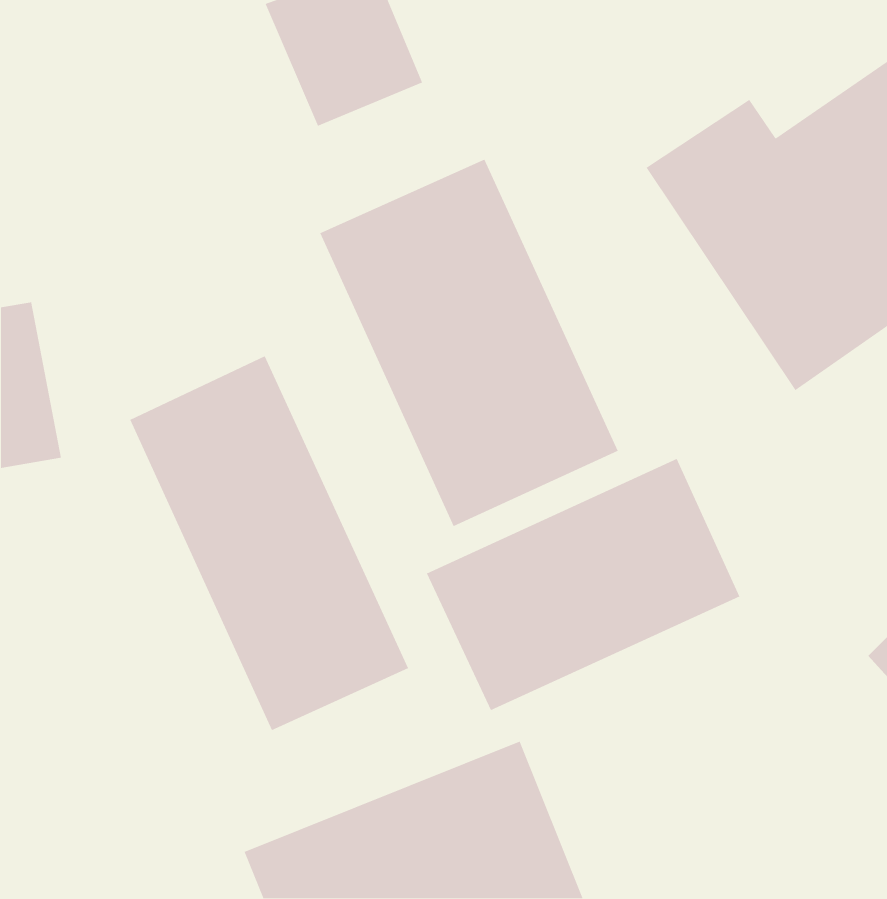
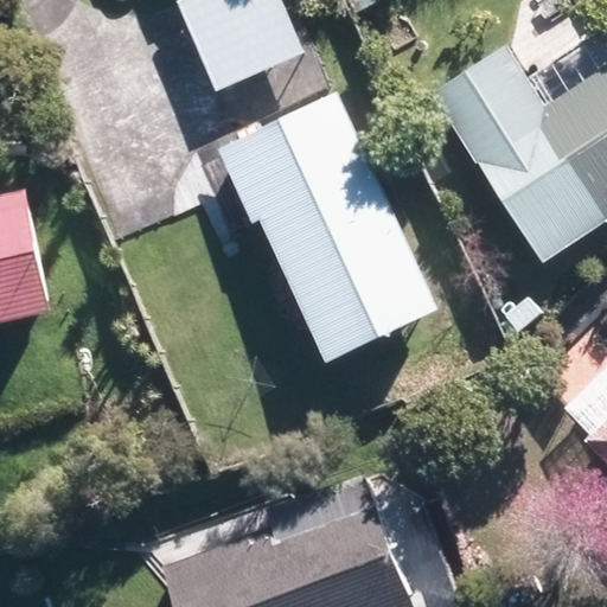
building: [129,355,409,731] -> none
building: [426,458,741,711] -> none

